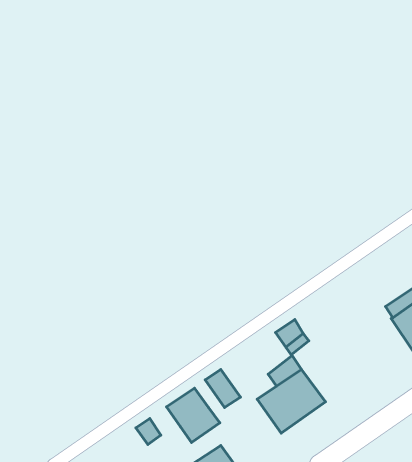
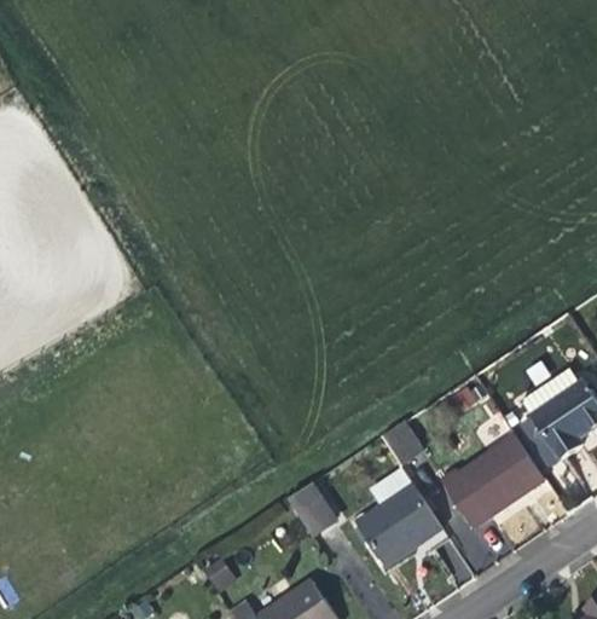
building: none -> [445,433,541,520]
building: [167,388,220,443] -> none

